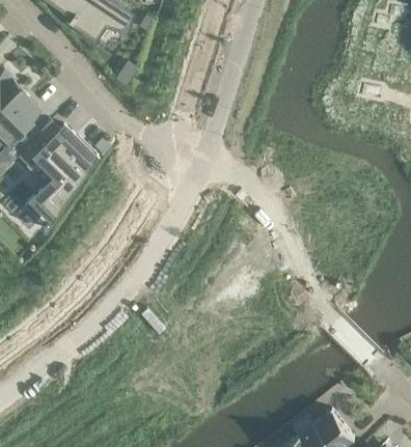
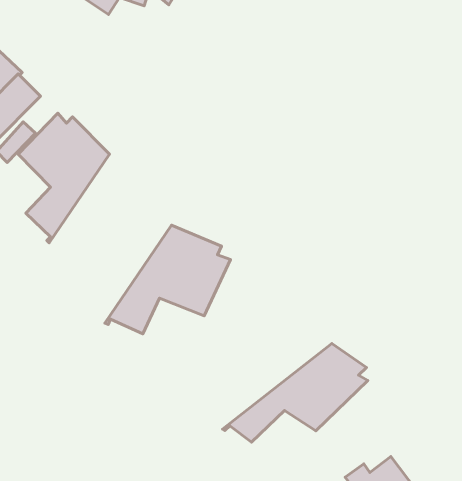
building: none -> [105,225,231,334]
building: none -> [223,344,368,442]

